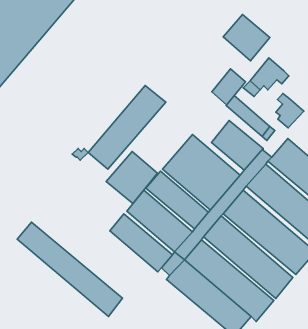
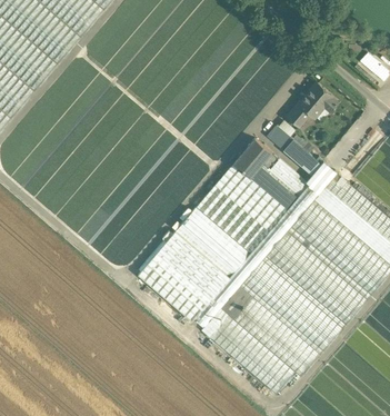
building: [223,15,270,61] -> none
building: [212,69,245,105] -> [230,137,268,177]
building: [88,86,166,169] -> none
building: [276,93,304,128] -> none
building: [106,151,158,204] -> none
building: [17,222,123,317] -> none

